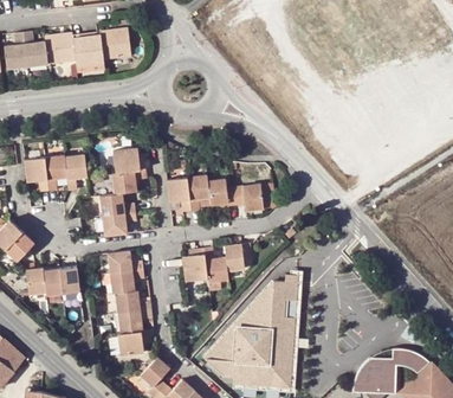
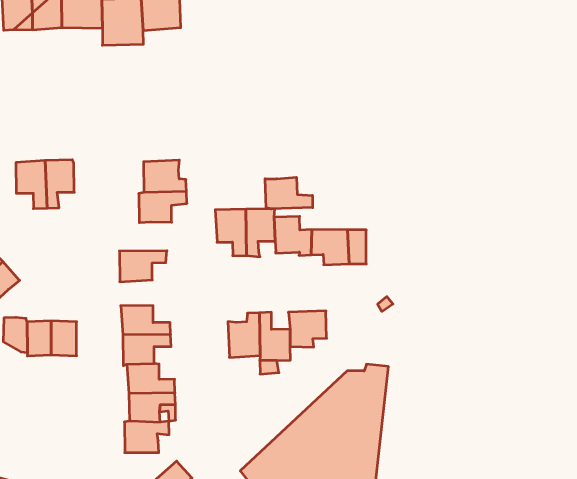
building: none -> [265,177,313,209]
building: [65,155,88,191] -> none
building: [101,193,136,216] -> none

